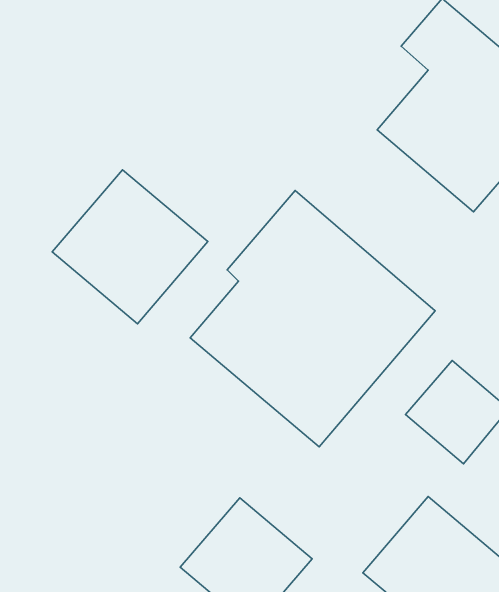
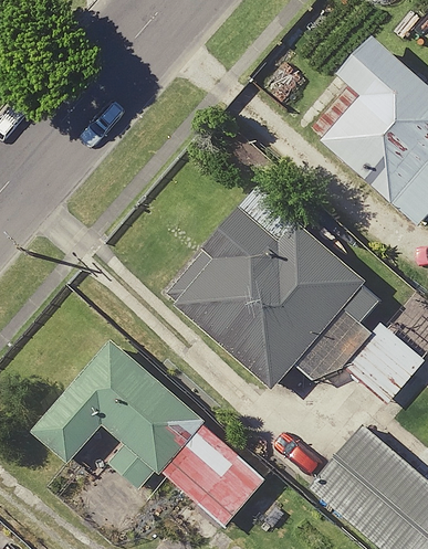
building: [52,170,208,324] -> none
building: none -> [33,341,208,477]

